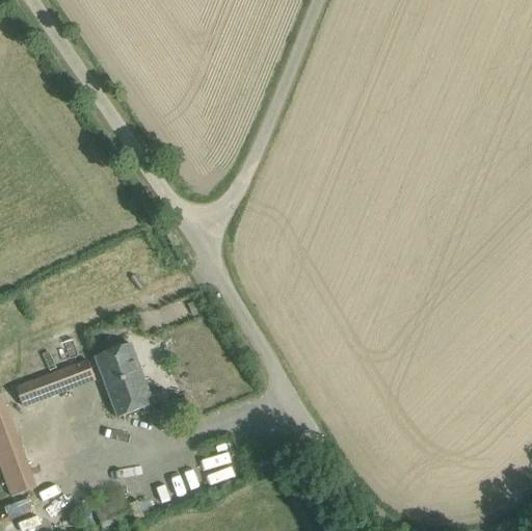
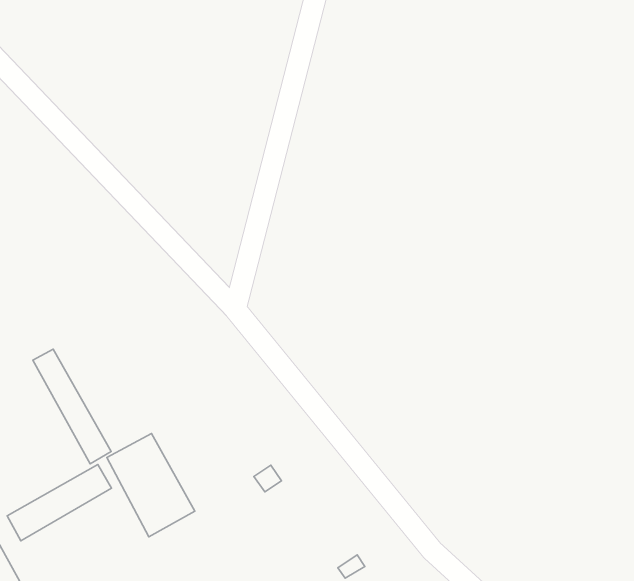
building: none -> [33,349,111,464]

